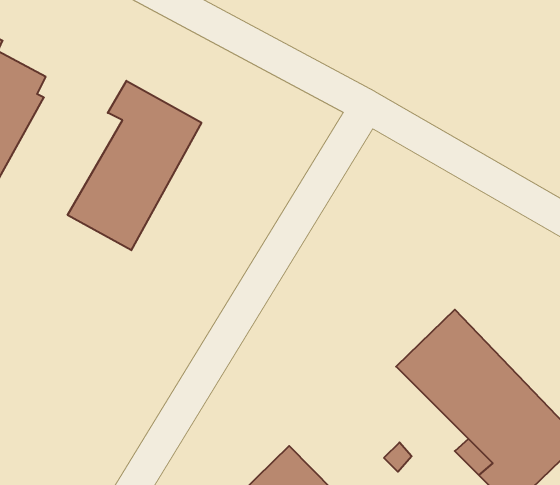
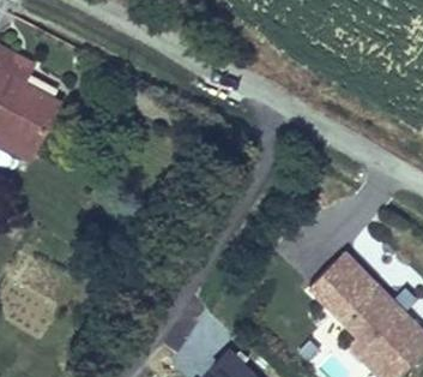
building: [68,81,201,250] -> none

